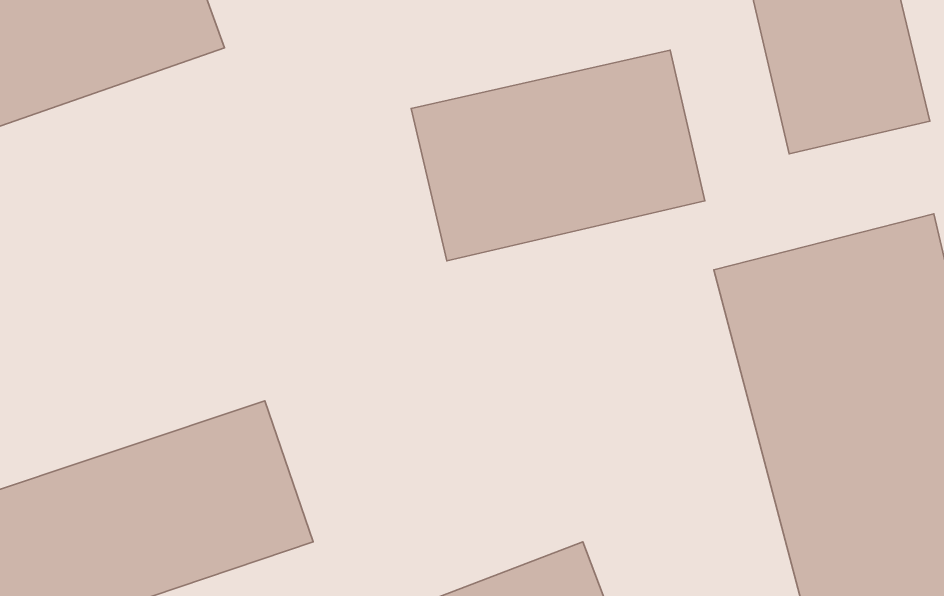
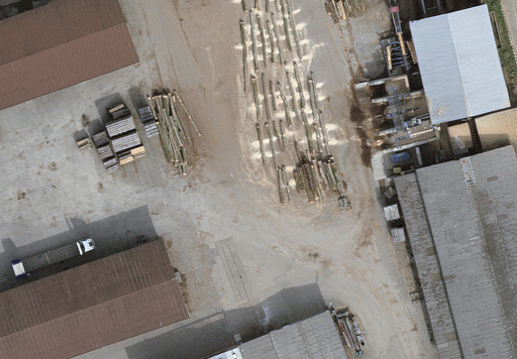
building: [411,50,705,261] -> none

